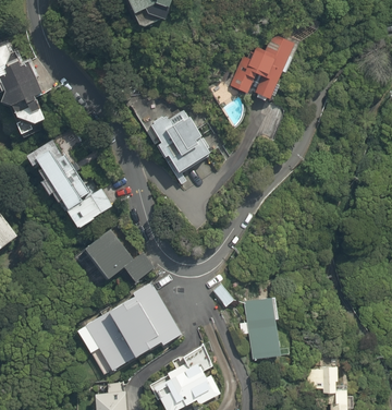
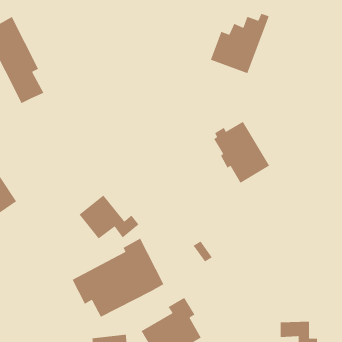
building: [150,108,212,177] -> [213,121,270,184]
building: [29,143,112,232] -> none
building: [245,296,280,358] -> none

